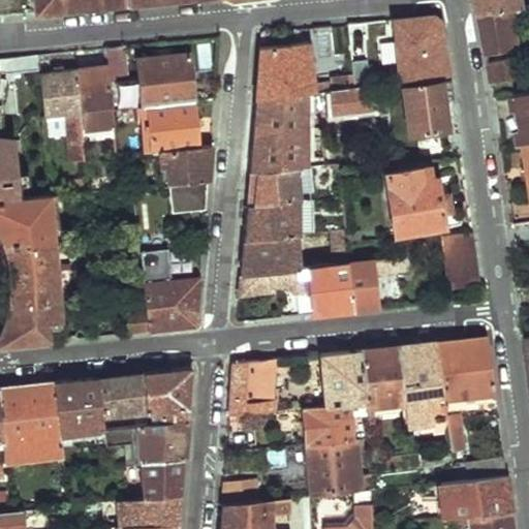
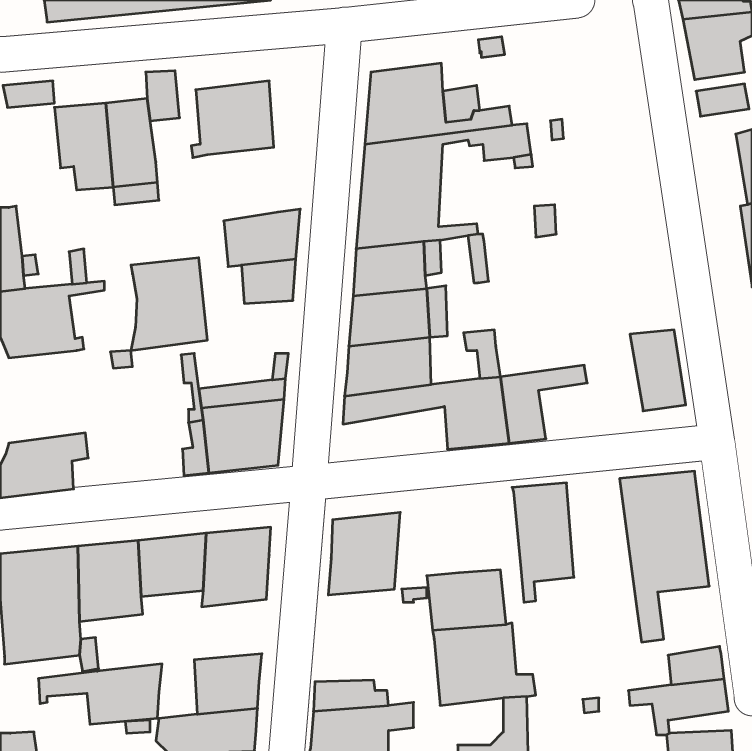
building: [392,17,448,84] -> none
building: [402,83,453,135] -> none
building: [146,104,195,156] -> none
building: [387,170,445,234] -> none
building: [6,247,60,312] -> [131,258,207,350]
building: [398,337,447,432] -> none
building: [318,346,366,403] -> none
building: [100,422,187,464] -> [38,664,162,724]

